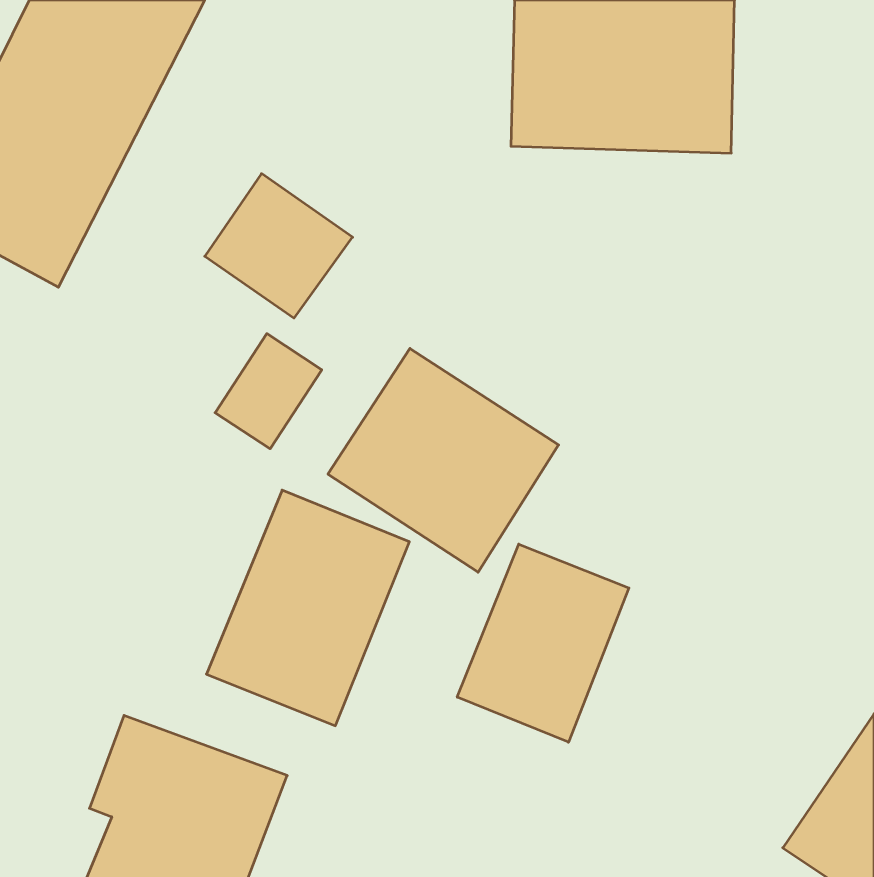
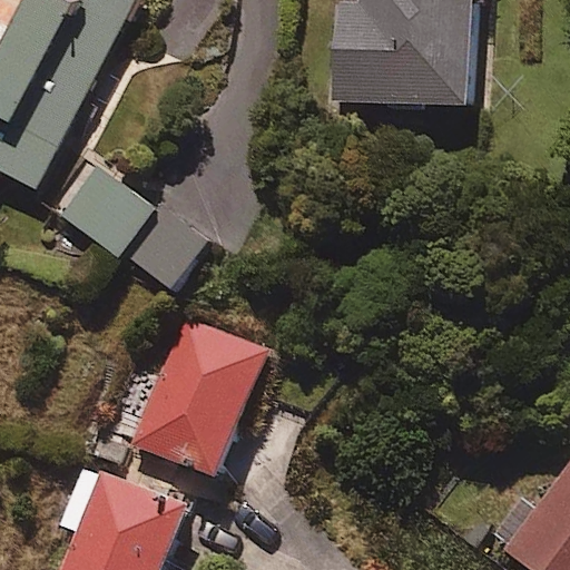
building: [205,174,353,318] -> [61,161,157,255]
building: [328,348,559,572] -> none
building: [457,544,629,742] -> none

